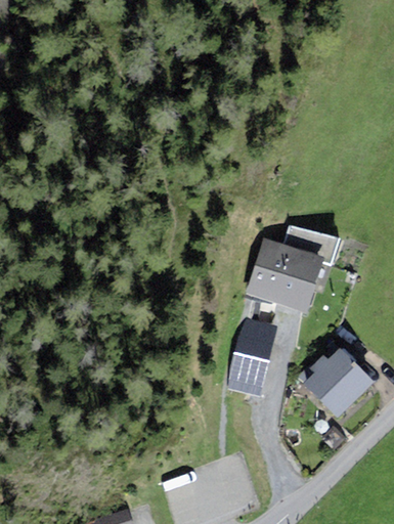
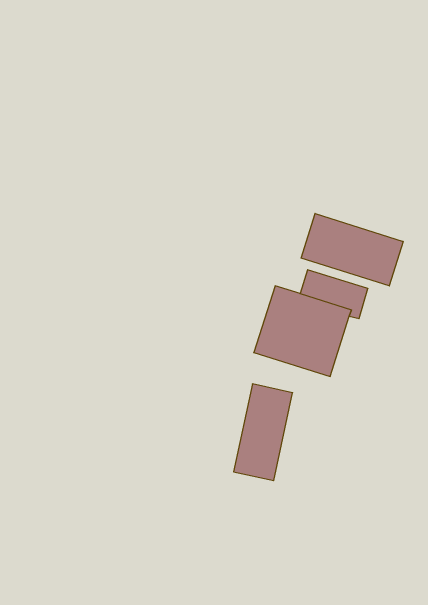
building: none -> [301,213,403,286]
building: [303,348,373,417] -> none

